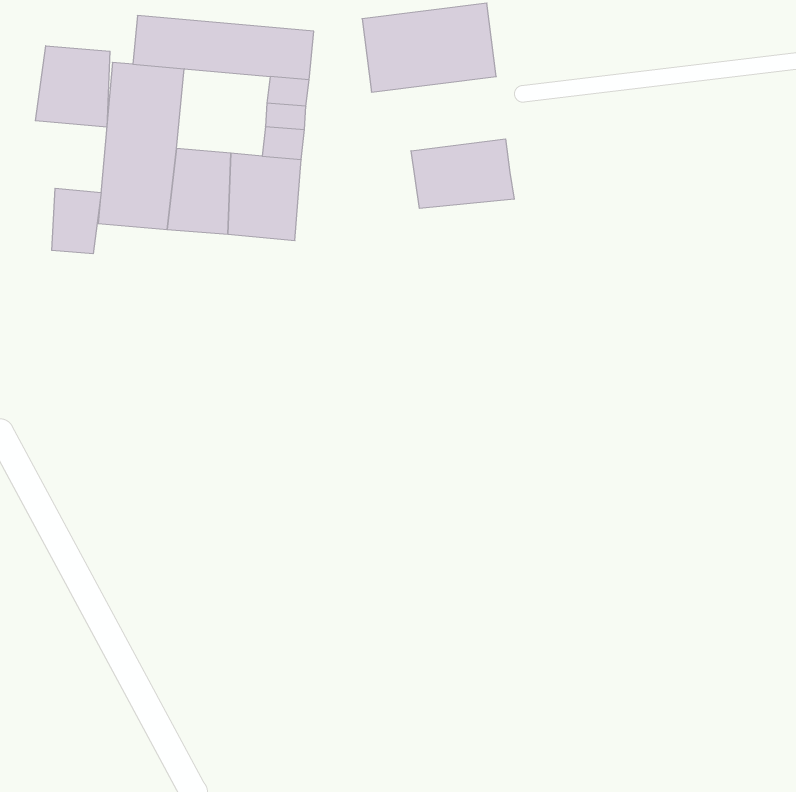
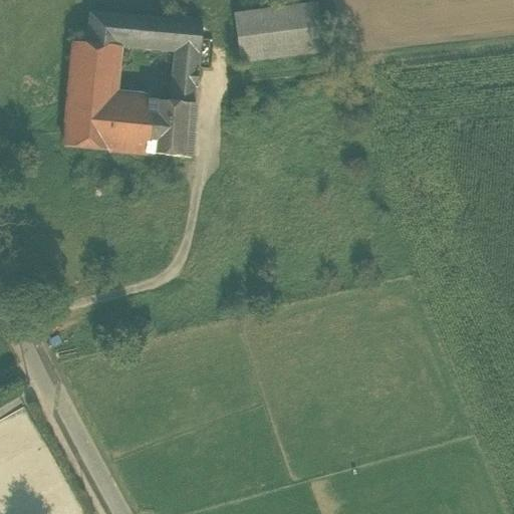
building: [35,46,110,127] -> none
building: [411,139,514,208] -> none
building: [52,188,101,254] -> none

